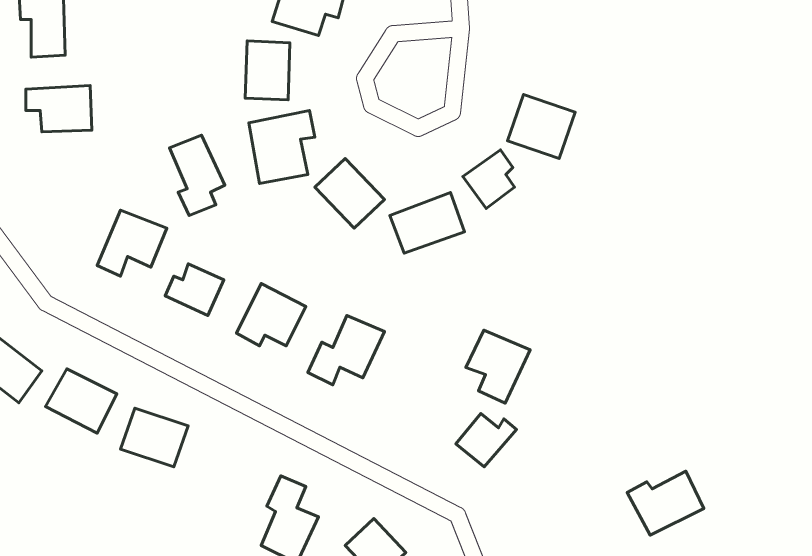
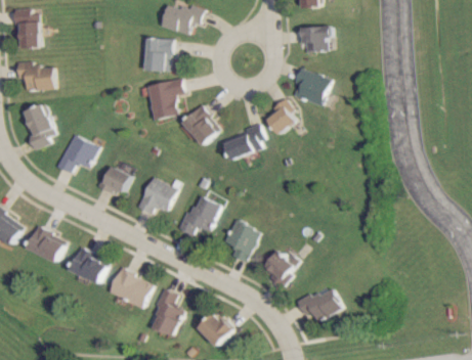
building: none -> [302,26,331,51]
building: [169,135,225,215] -> [23,103,54,149]
building: [466,330,530,403] -> [223,220,260,262]
building: none -> [108,268,153,308]
building: [627,471,704,535] -> [297,287,341,324]

